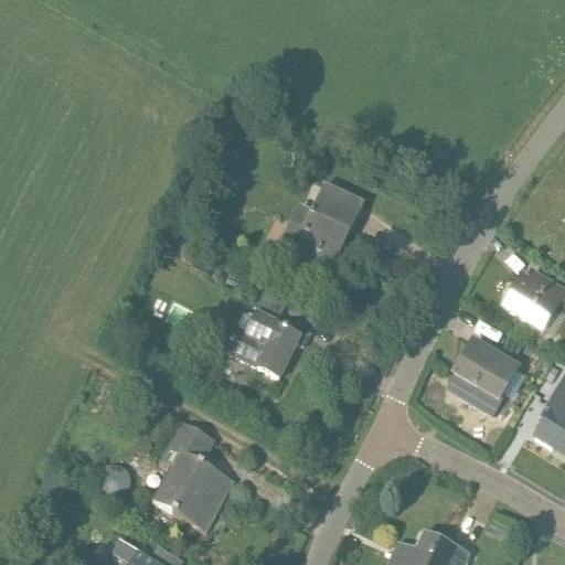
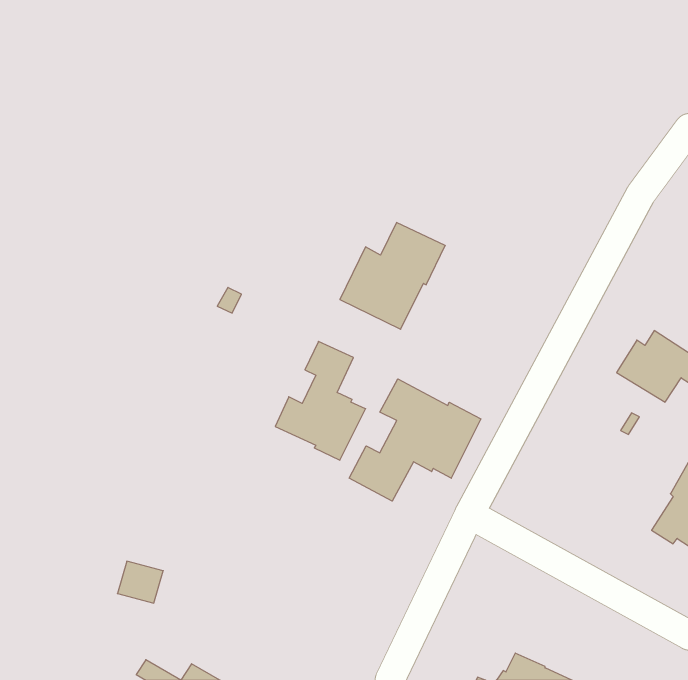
building: none -> [349,379,481,501]
building: [449,340,520,413] -> none
building: [153,422,228,526] -> none

